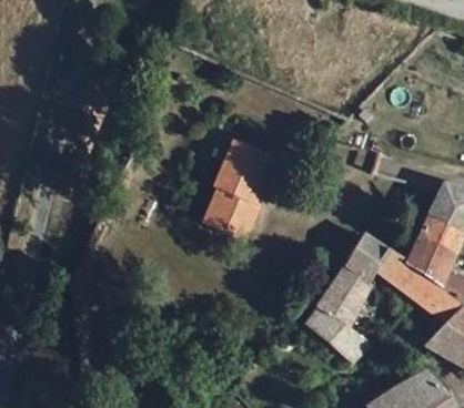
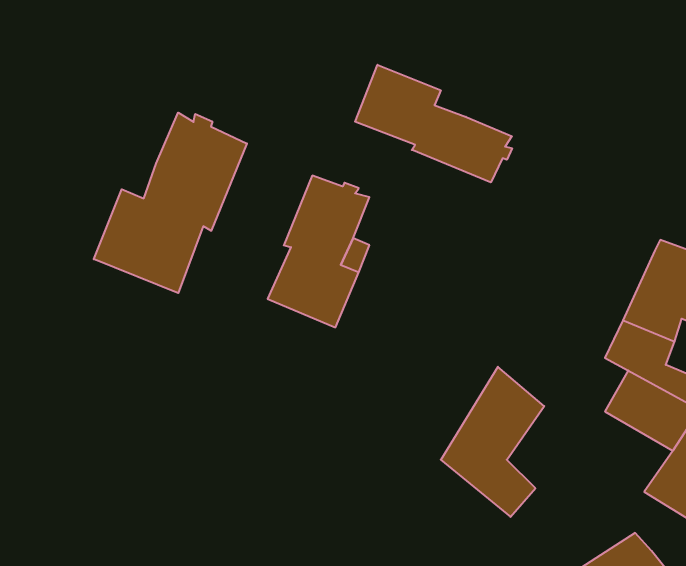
building: none -> [355,65,512,182]
building: none -> [94,113,247,293]
building: [337,233,422,294] -> none

